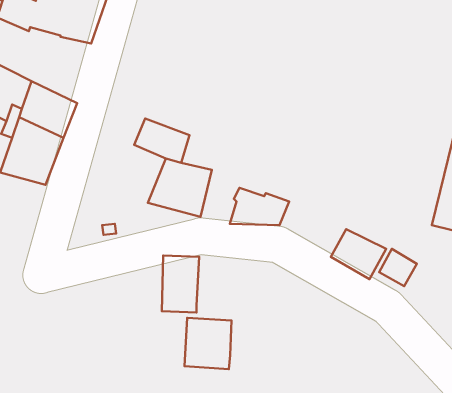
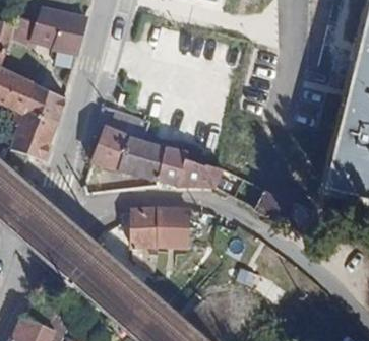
building: none -> [93,128,130,170]
building: none -> [156,146,185,186]
building: [184,318,232,369] -> [152,210,187,248]

